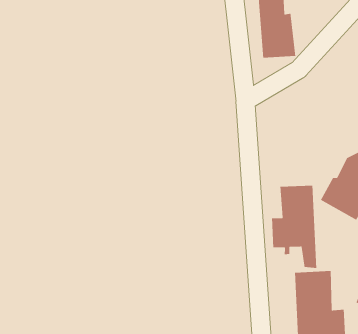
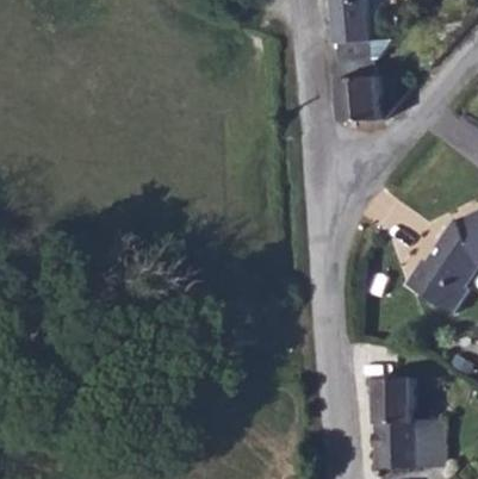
building: [271,185,317,269] -> none

